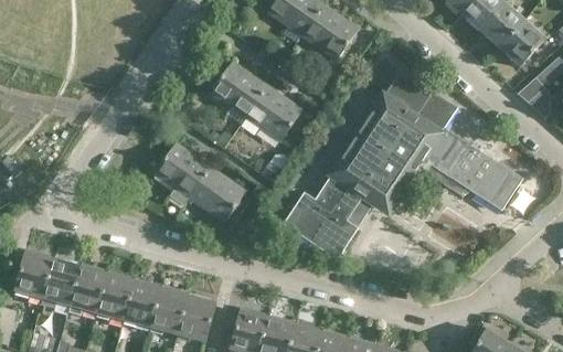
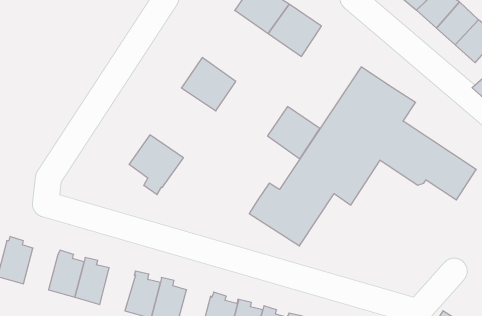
building: [247,86,302,141] -> [268,107,320,159]
building: [191,167,247,221] -> none
building: [44,256,81,306] -> none
building: [125,278,162,328] -> none

